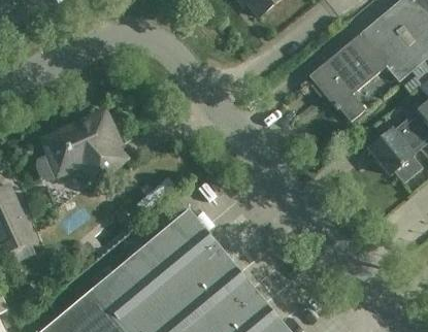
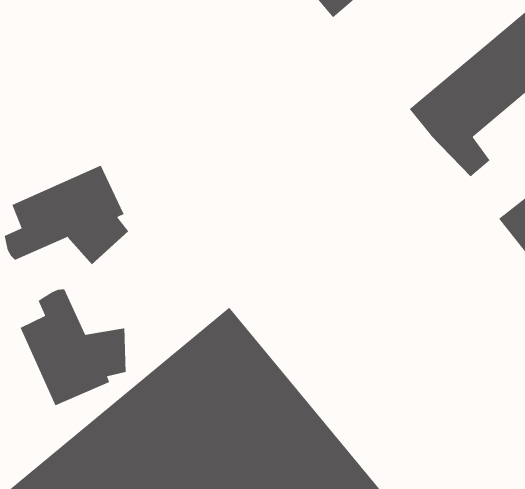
building: none -> [20,288,126,406]

